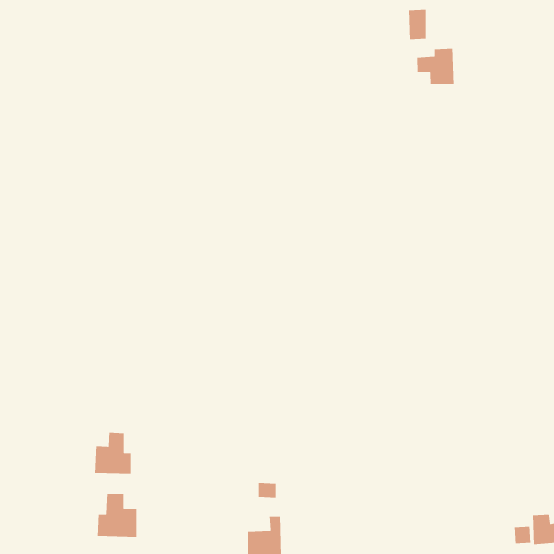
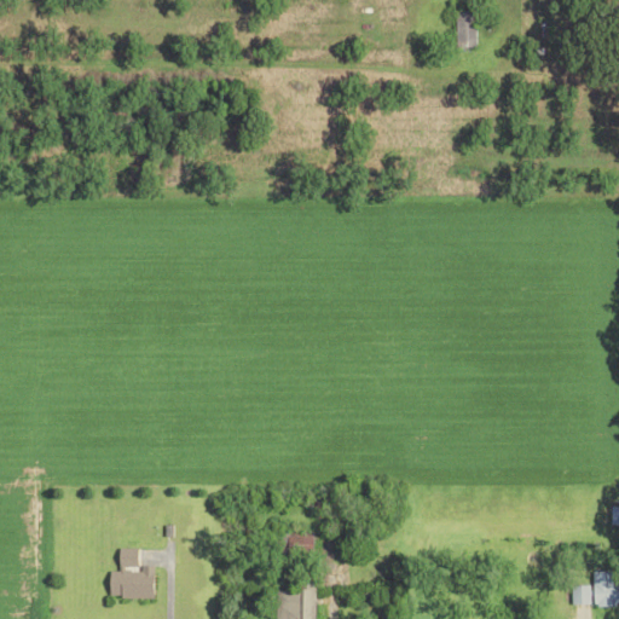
building: [417,48,455,85] -> none
building: [94,432,132,474] -> none

